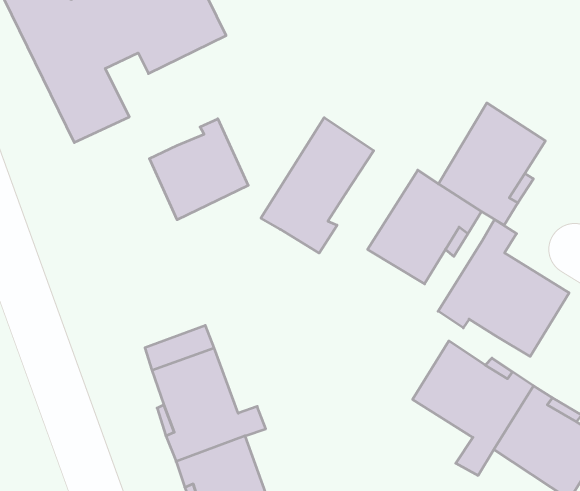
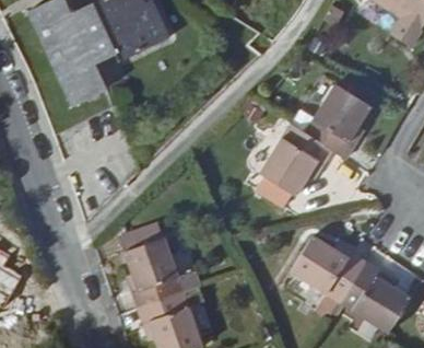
building: [261,118,374,253] -> none
building: [149,119,248,220] -> none
building: [438,220,569,356] -> none

